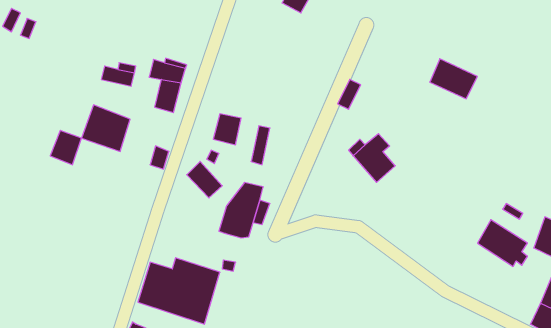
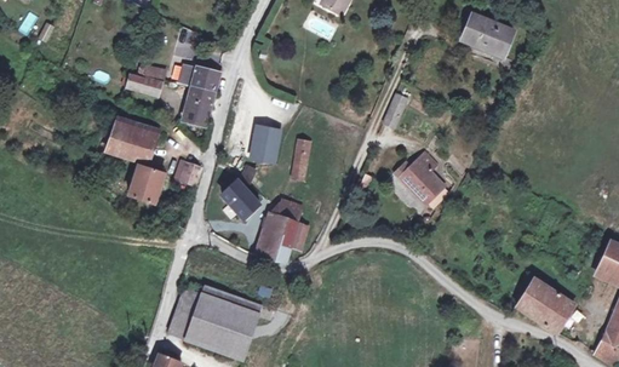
building: [430,59,477,99] -> [469,12,521,56]
building: [50,130,81,165] -> [128,167,162,205]
building: [478,220,527,266] -> [518,280,573,331]

